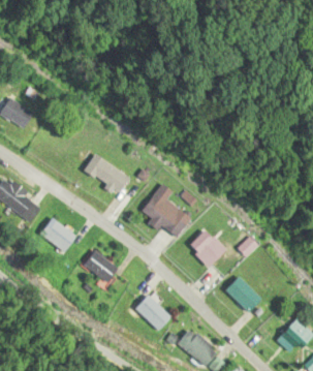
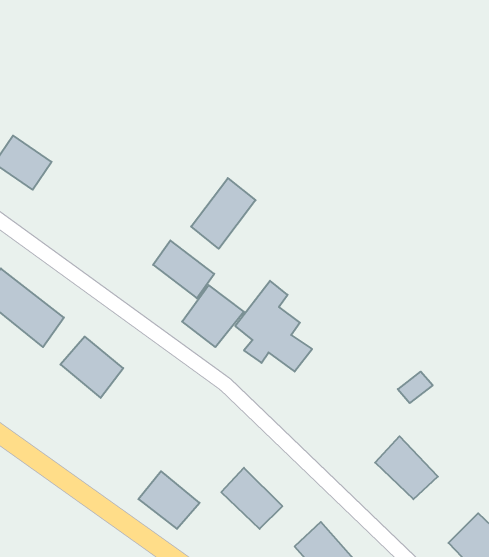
building: none -> [191,178,256,249]
building: none -> [182,285,244,347]
building: [188,228,226,267] -> none
building: [82,248,118,282] -> [138,471,200,529]

